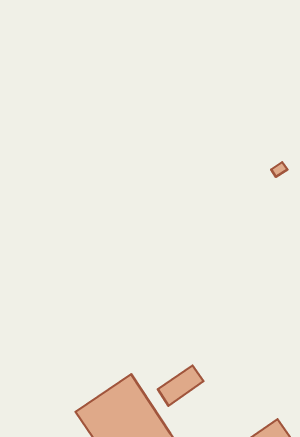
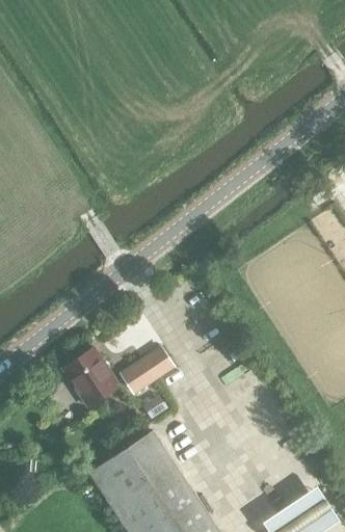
building: none -> [62,347,120,407]
building: [158,366,203,406] -> [123,348,175,394]

